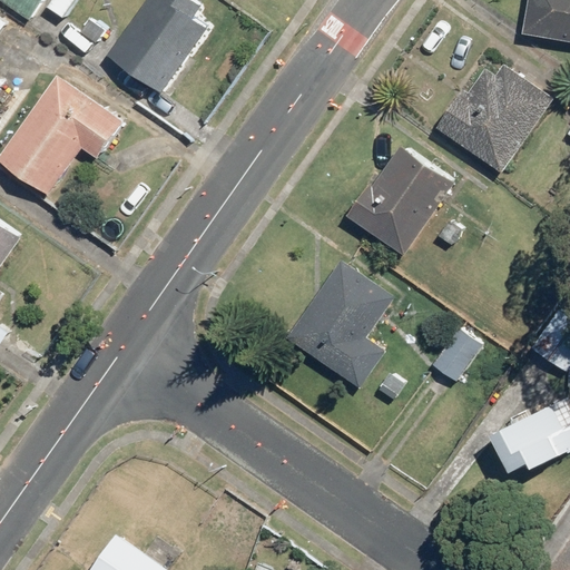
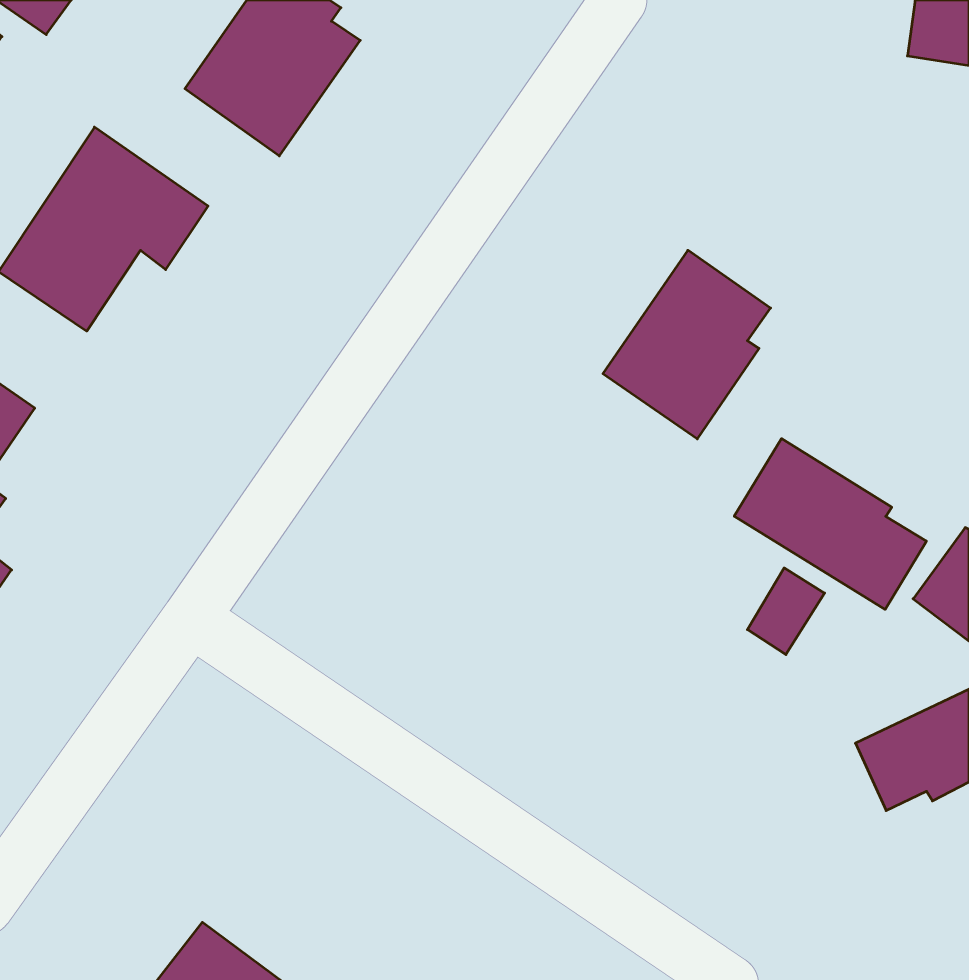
building: [435,61,553,175] -> none
building: none -> [734,439,926,609]
building: [285,261,394,389] -> none

